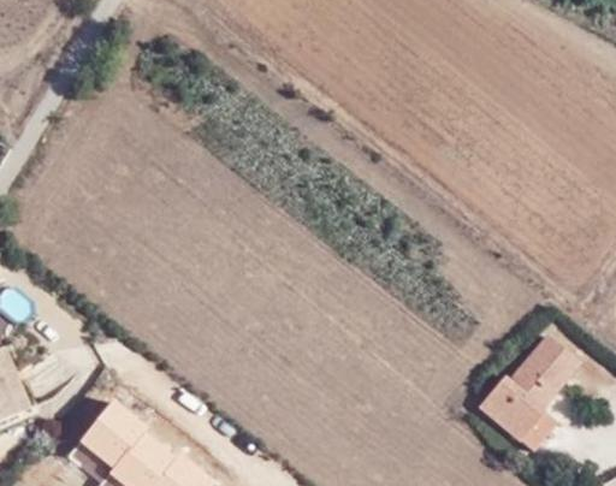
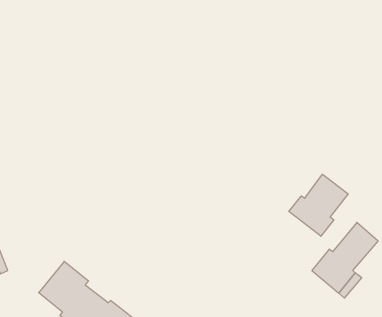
building: none -> [289,174,348,236]

